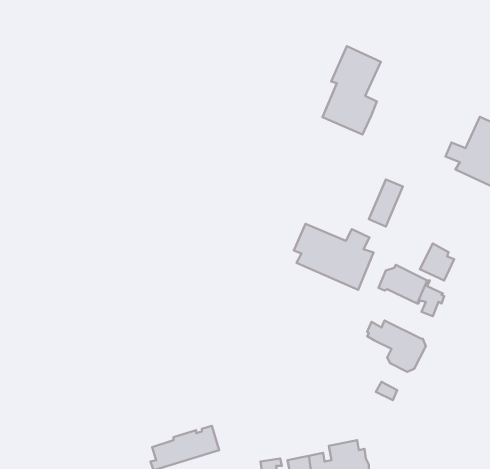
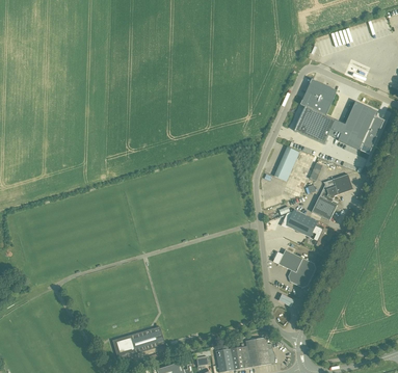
building: [323,46,381,134] -> [294,79,337,143]
building: none -> [320,174,352,199]
building: [294,224,373,290] -> none

